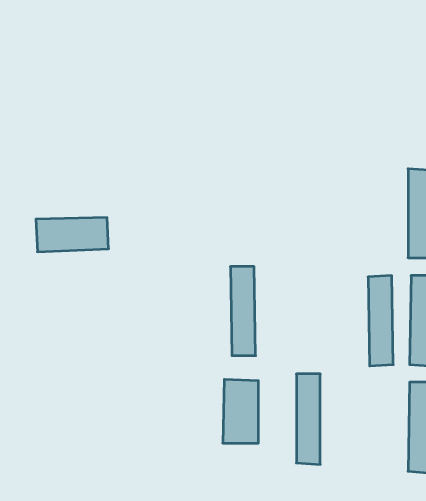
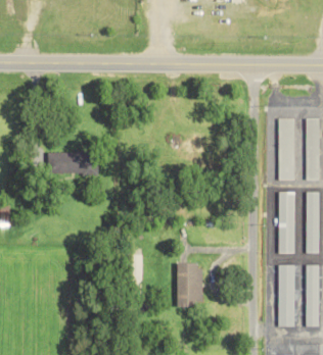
building: [230,267,256,356] -> [278,119,295,181]
building: [296,374,320,464] -> [279,265,295,327]

